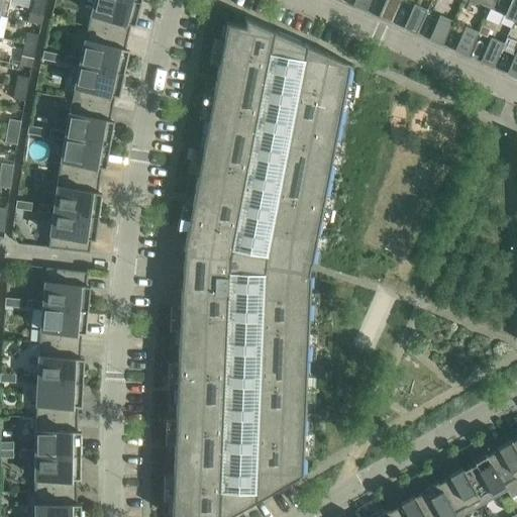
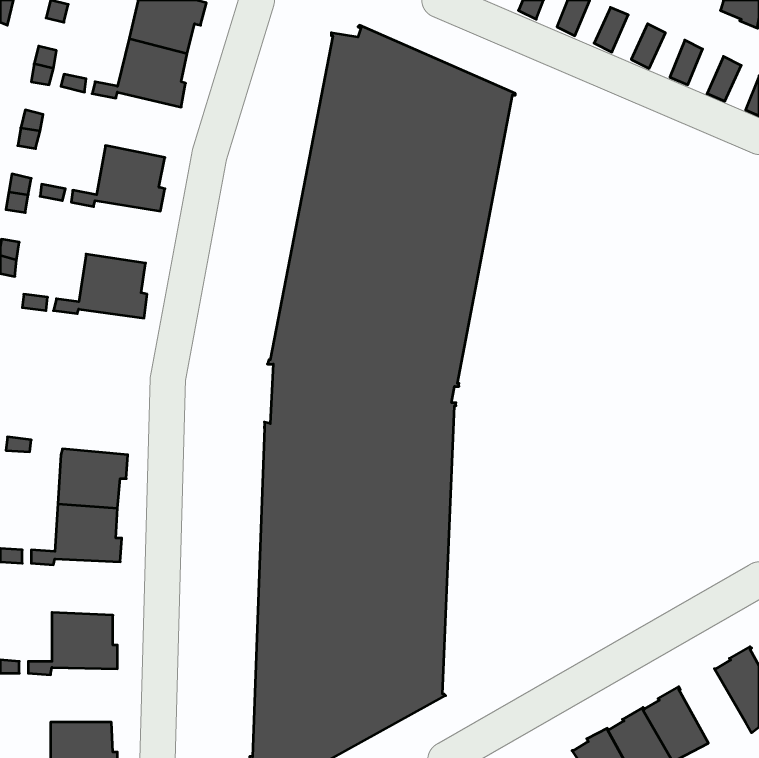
building: [72,64,123,108] -> none
building: [59,137,109,180] -> none
building: [47,211,98,253] -> none
building: [26,268,89,310] -> none
building: [35,381,82,419] -> none
building: [34,454,80,492] -> none
building: [461,454,507,506] -> none

